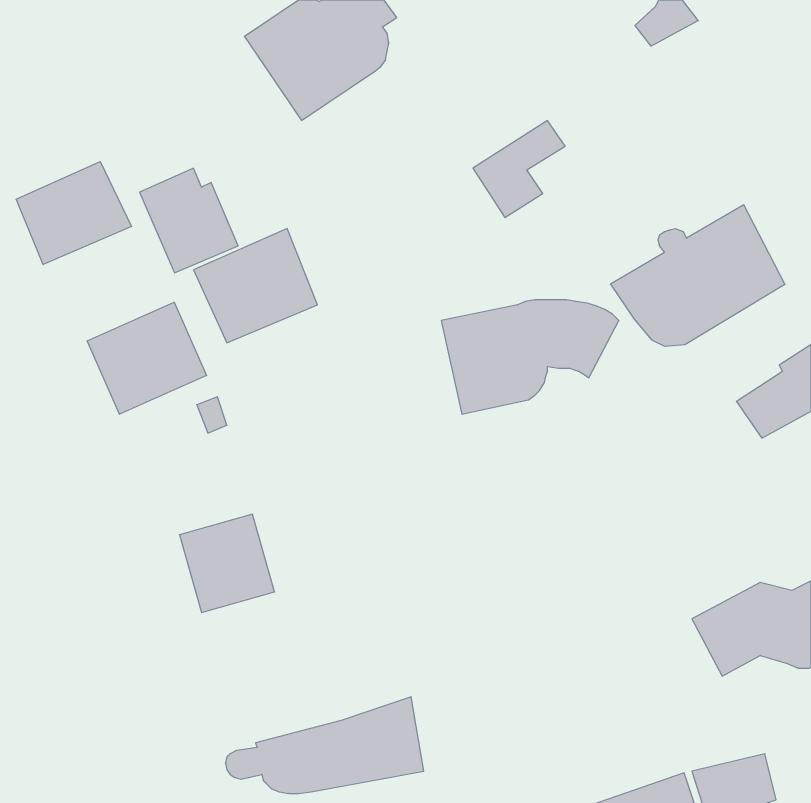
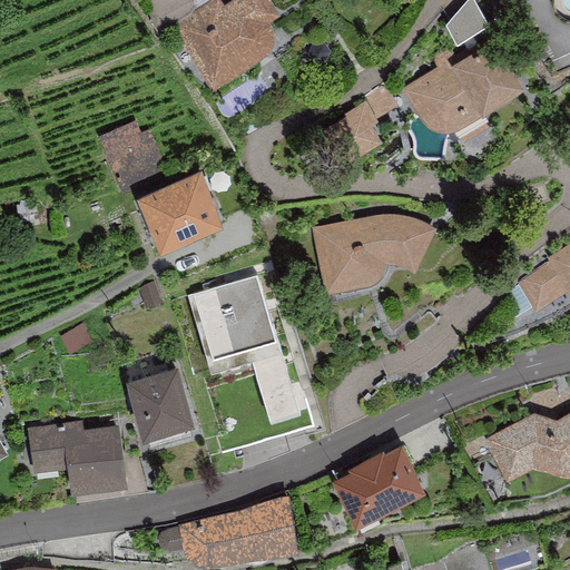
building: [16,162,131,265] -> none
building: [610,205,785,346] -> [400,37,522,136]
building: [87,302,207,414] -> none
building: none -> [188,274,299,421]
building: none -> [27,423,127,494]
building: none -> [332,445,423,523]

